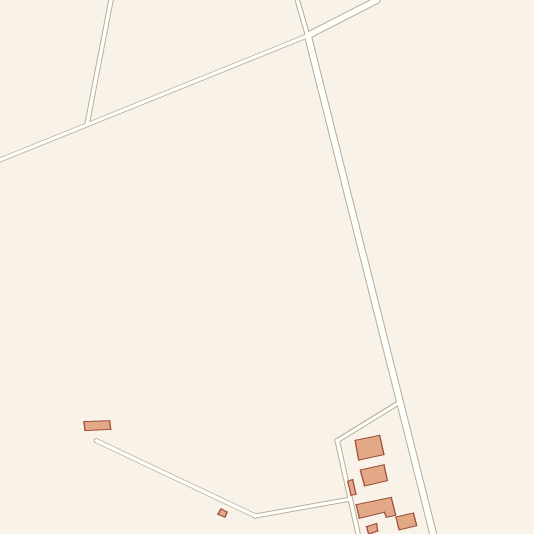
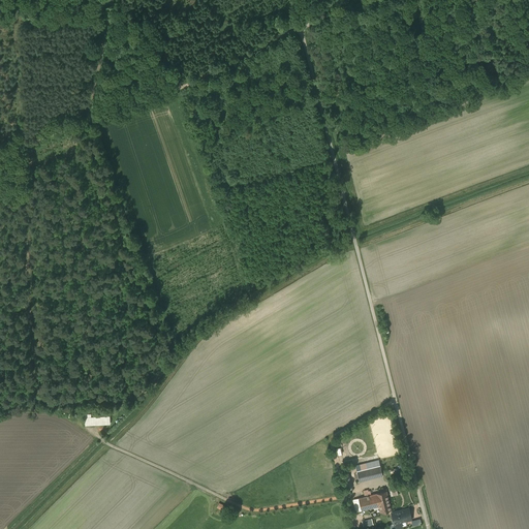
building: [355,435,384,460] -> none

